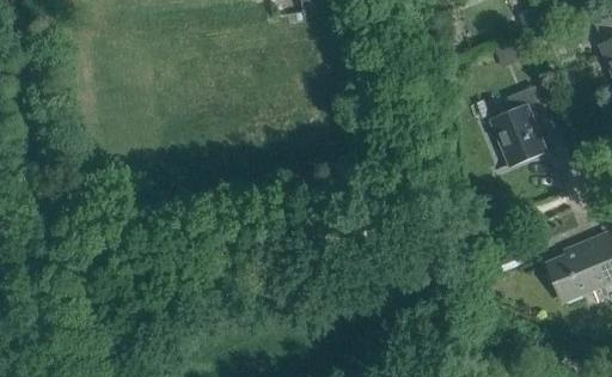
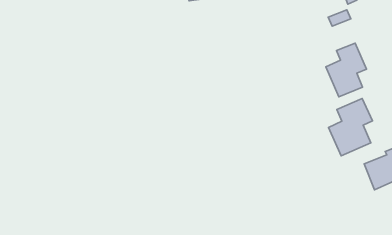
building: none -> [329,99,373,156]

